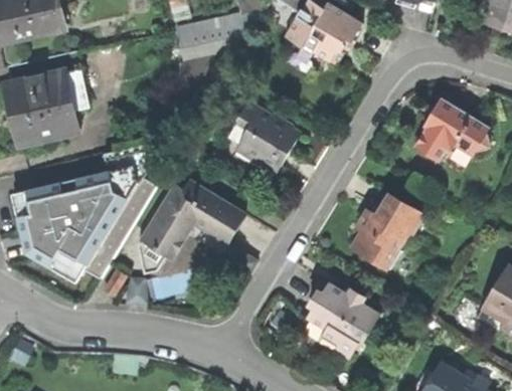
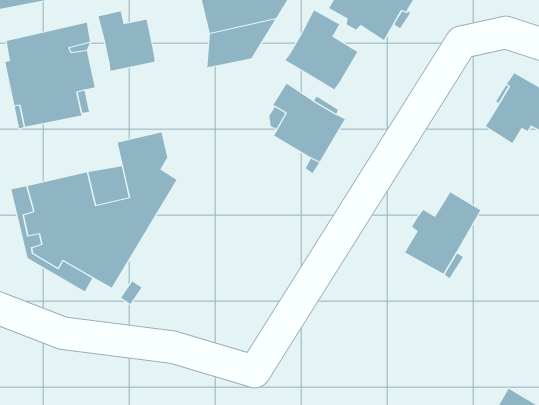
building: none -> [284,9,358,90]
building: none -> [98,11,155,72]
building: [135,180,242,273] -> none
building: [306,283,377,359] -> none

